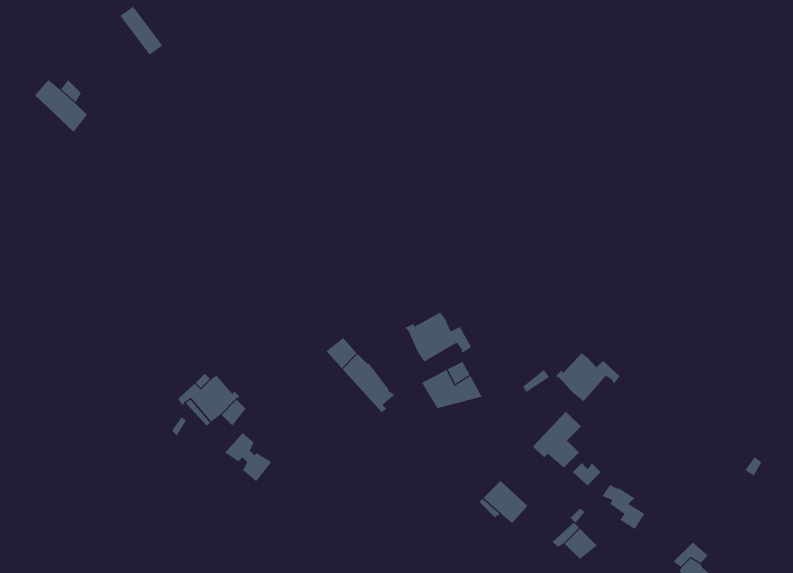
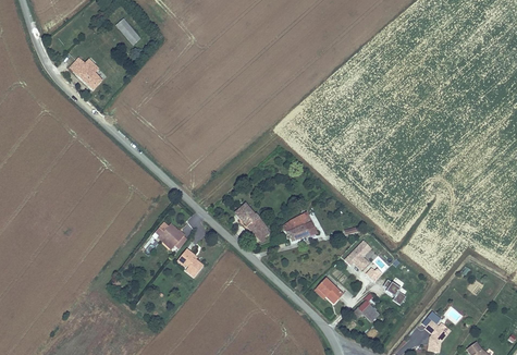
building: [404,312,472,363] -> none
building: [555,353,620,402] -> none

